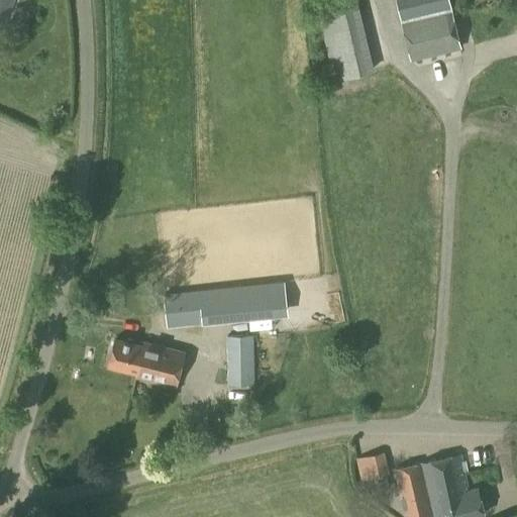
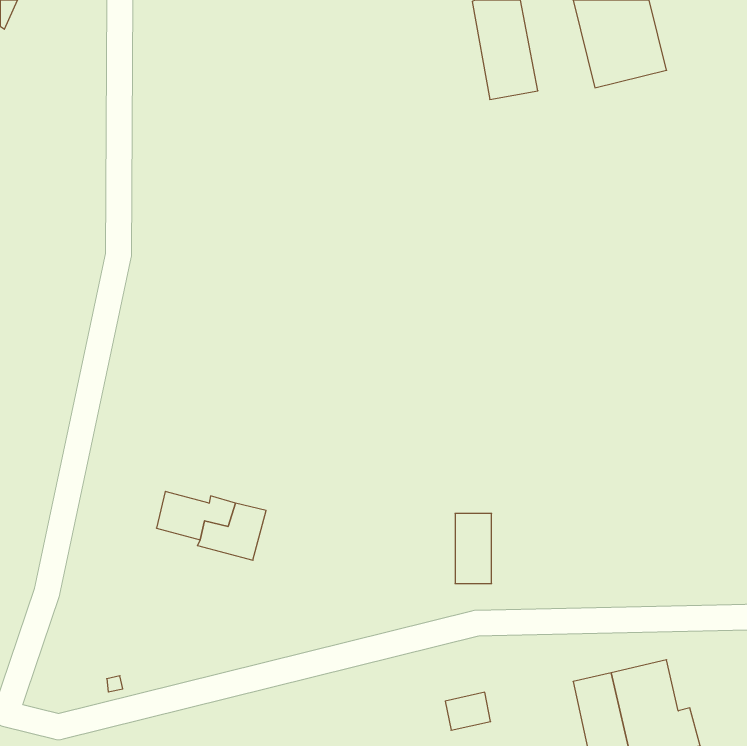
building: [175,283,280,328] -> none
building: [227,337,252,386] -> [455,513,492,584]
building: [356,454,388,481] -> [445,692,491,730]

